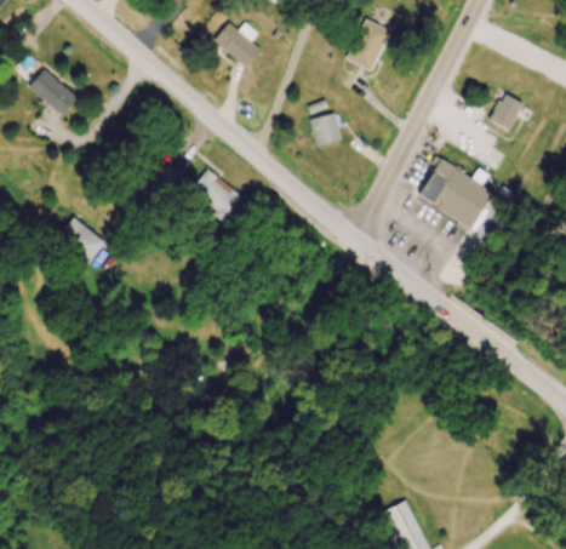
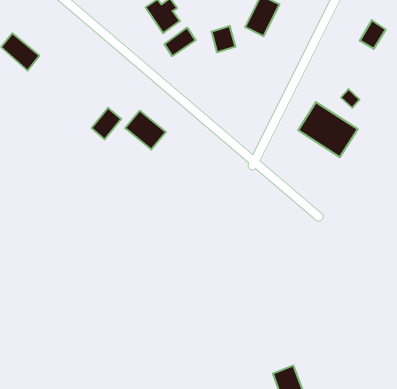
building: none -> [164,28,196,56]
building: [490,92,524,130] -> [360,20,386,49]
building: [310,113,342,147] -> [211,26,236,52]
building: [57,217,105,263] -> none

